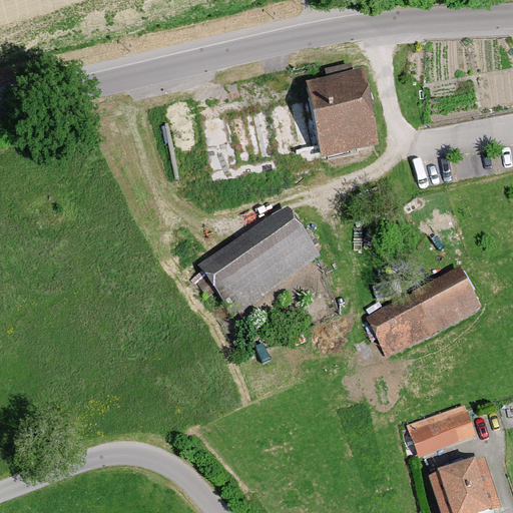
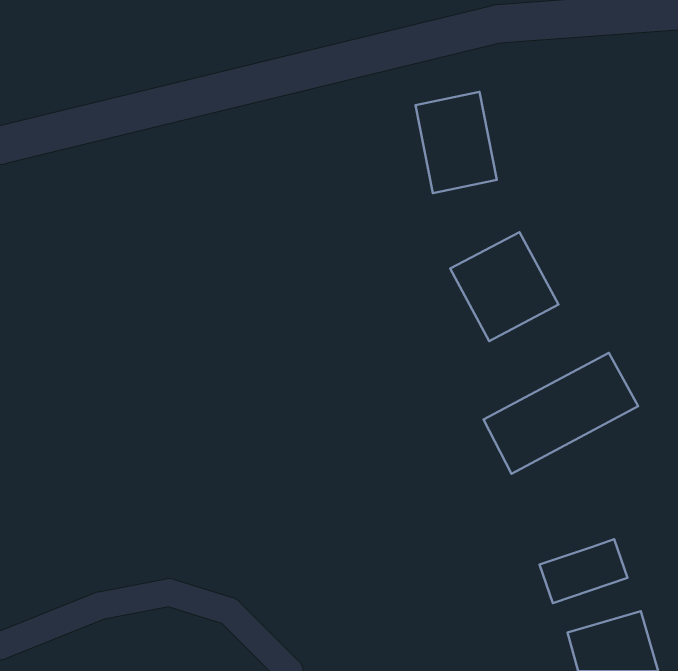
building: none -> [450,232,559,341]
building: [200,206,320,316] -> none

